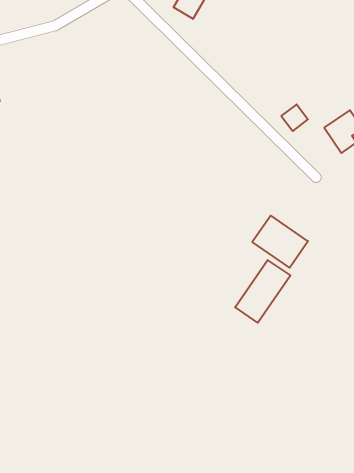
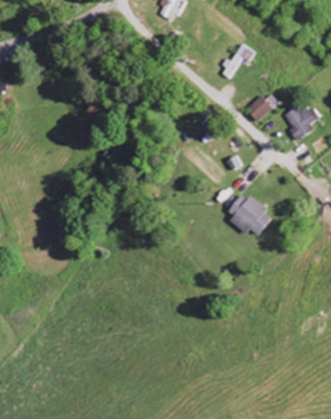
building: none -> [221,43,255,78]
building: [235,260,290,323] -> none

